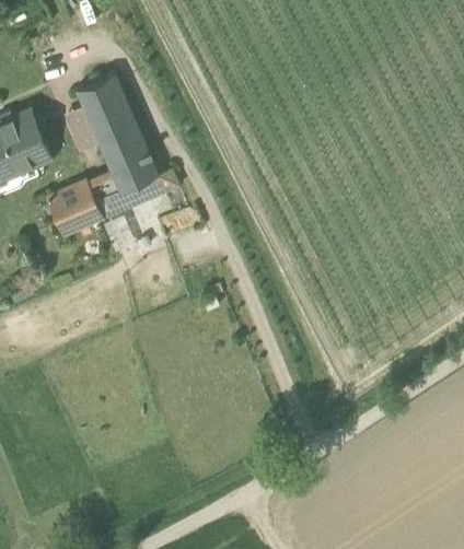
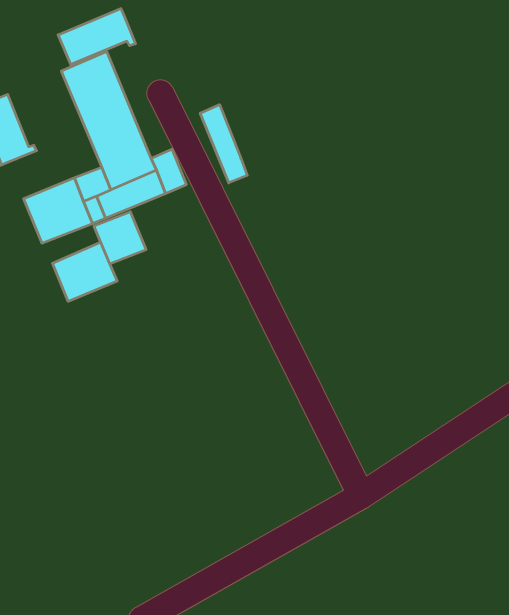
building: none -> [58,9,135,65]
building: none -> [200,105,247,183]
building: none -> [52,242,117,301]

